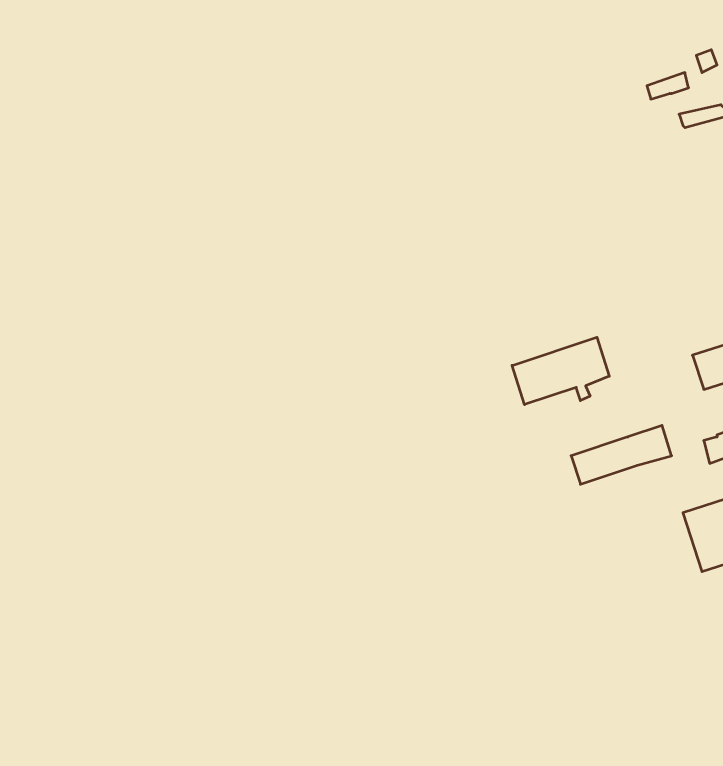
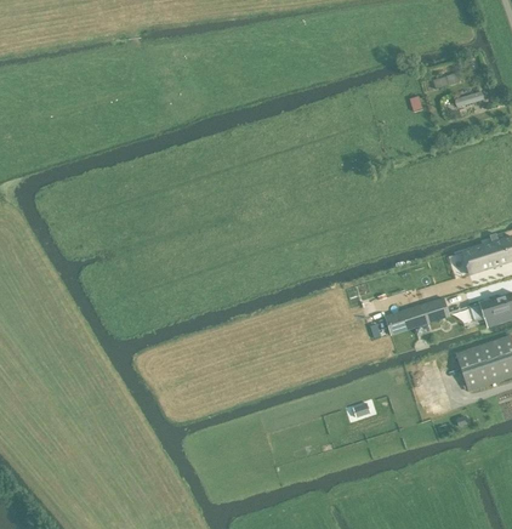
building: [512,337,609,405] -> none

